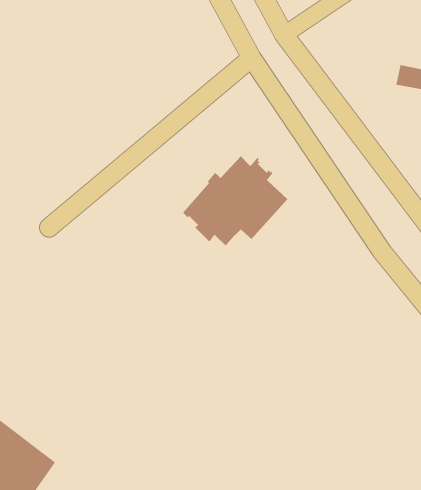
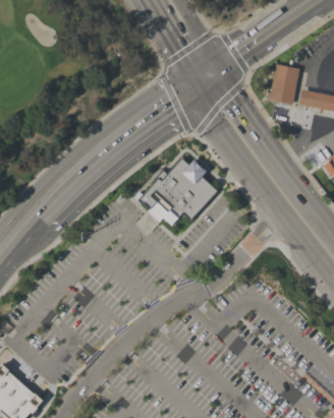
building: none -> [270,64,301,105]

